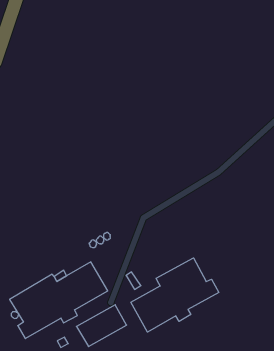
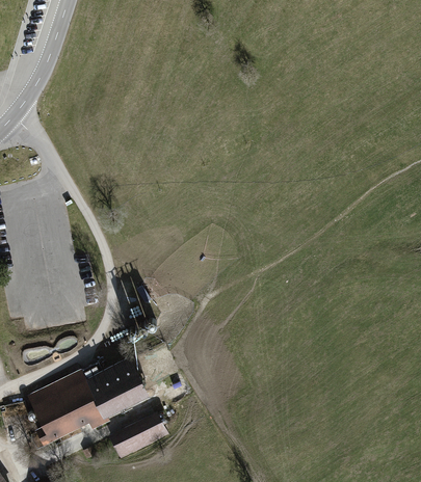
building: [131,258,219,332] -> none

